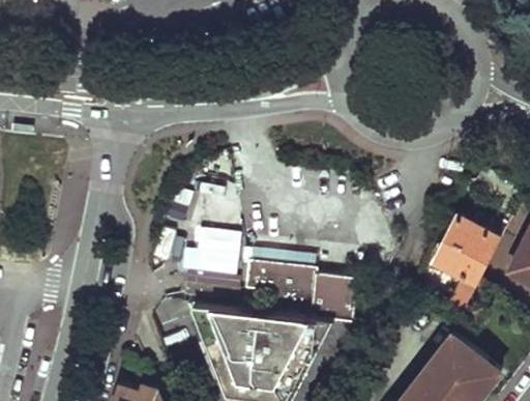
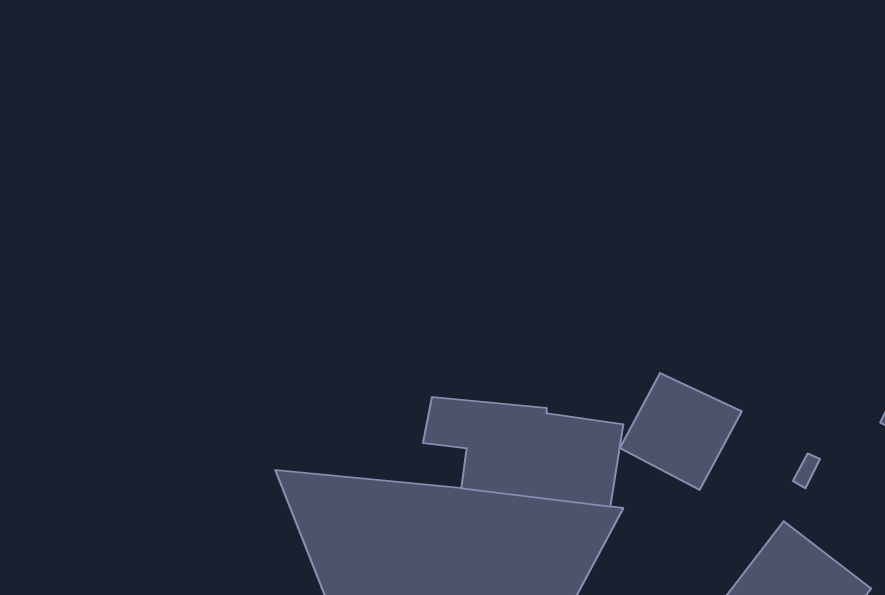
building: [434,214,503,281] -> [620,373,742,490]
building: [190,228,236,276] -> none

